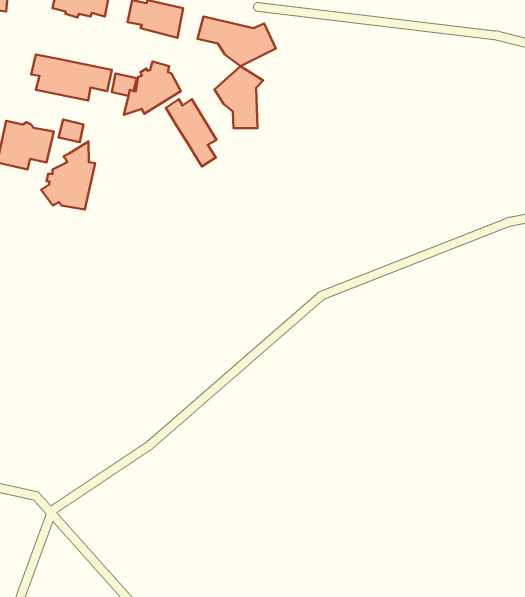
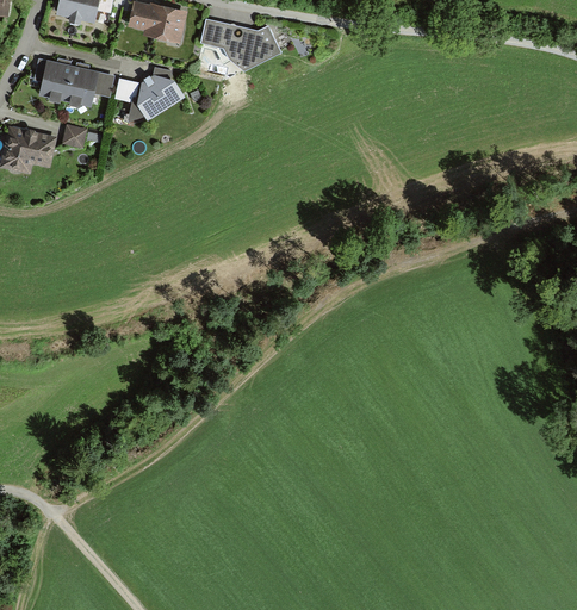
building: [215,66,263,128] -> none
building: [166,99,216,167] -> none
building: [41,142,95,209] -> none

